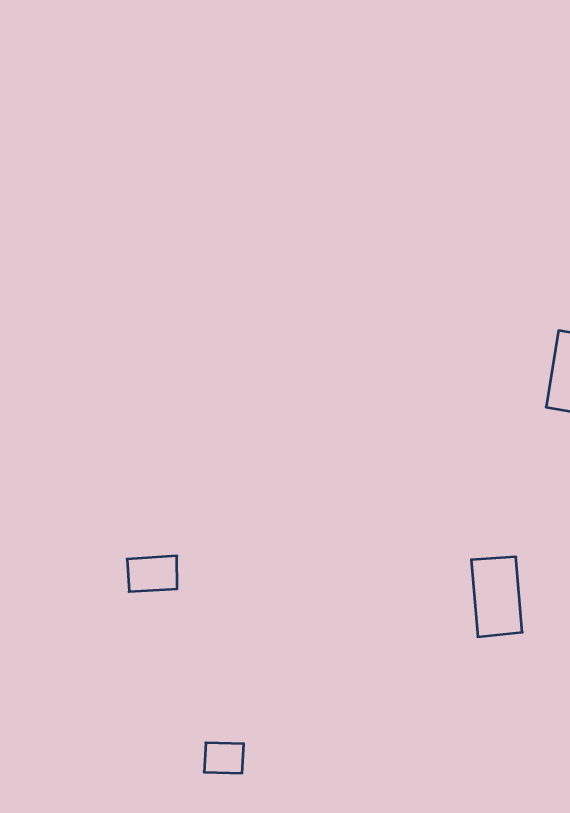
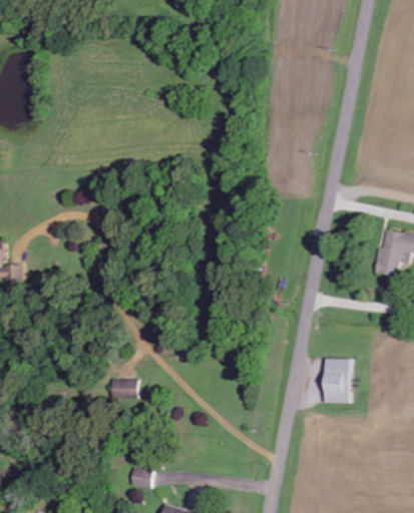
building: [127,556,177,592] -> [109,380,138,399]
building: [204,743,244,773] -> [127,469,151,488]

